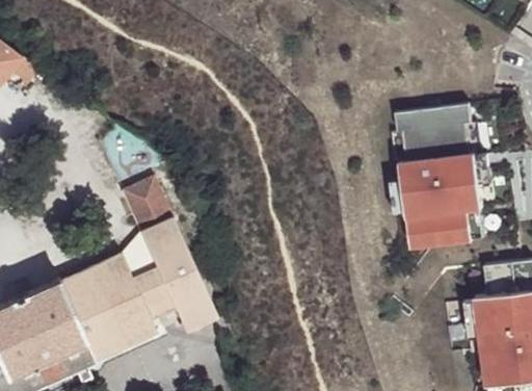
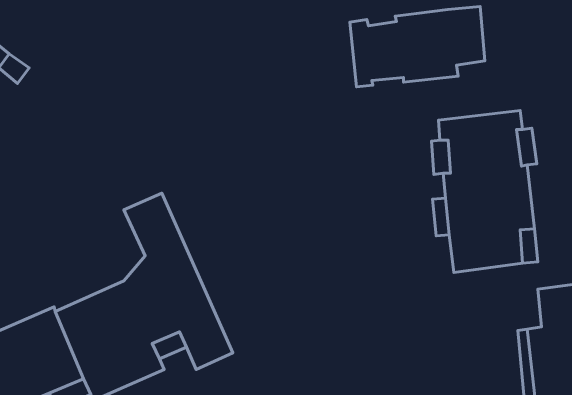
building: none -> [350,6,485,87]

